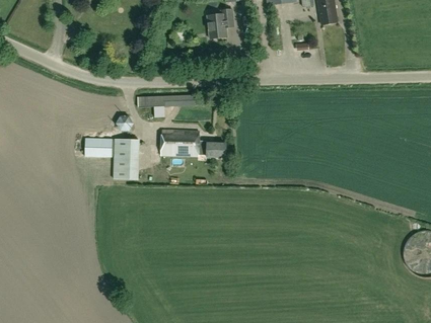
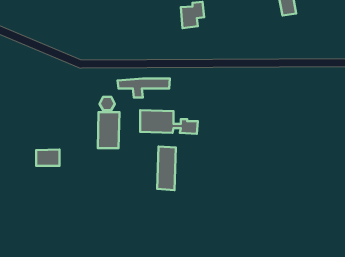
building: [85,140,112,158] -> [36,149,60,166]
building: none -> [157,146,176,190]

